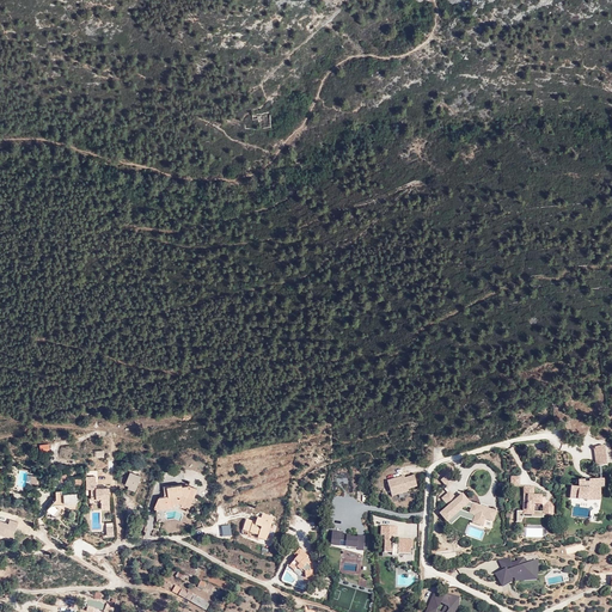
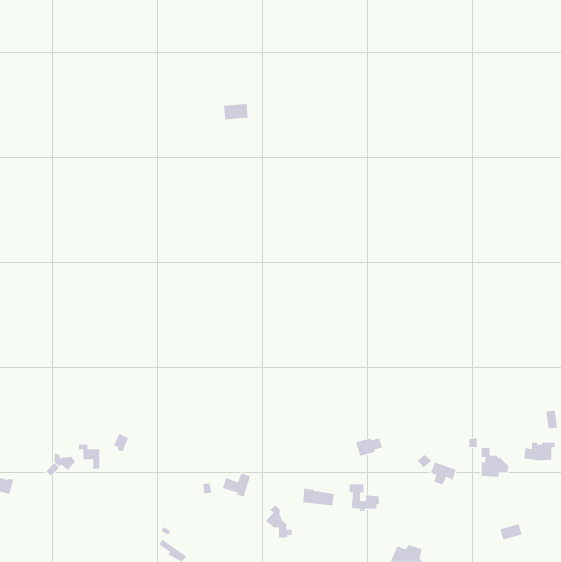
building: [153,485,196,509] -> none
building: [492,557,538,587] -> none

